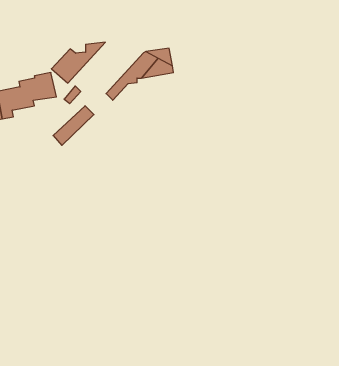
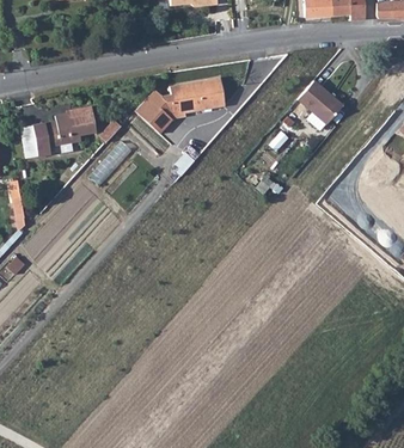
building: [51,42,105,83] -> [131,85,190,129]
building: none -> [298,81,343,130]

